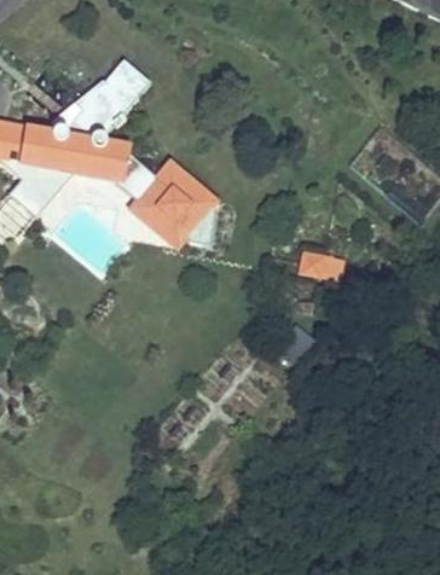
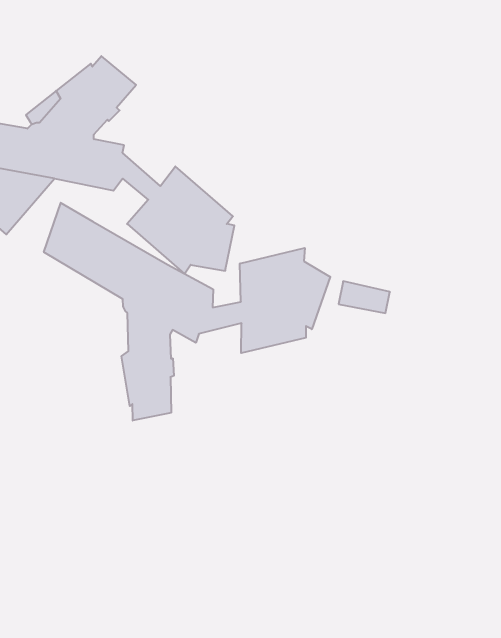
building: none -> [44,203,330,421]

